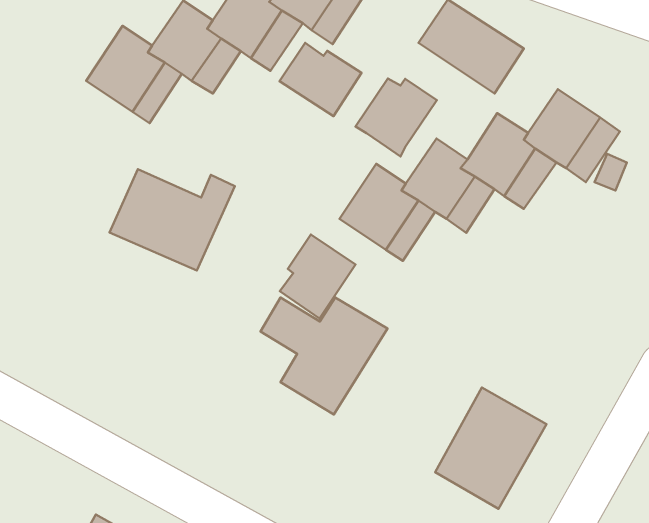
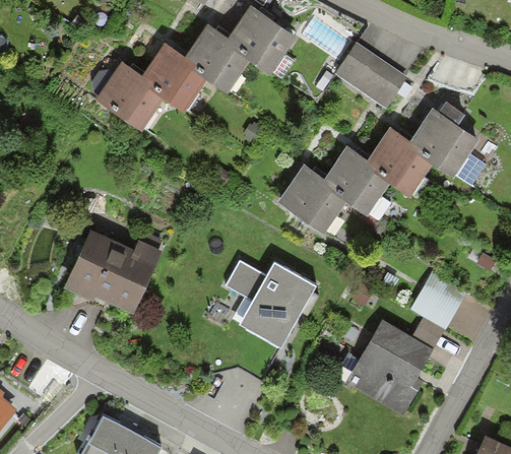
building: [280,43,361,116] -> none
building: [356,78,437,157] -> none
building: [110,169,235,271] -> [66,235,156,308]
building: [280,235,355,318] -> none
building: none -> [407,273,458,324]

